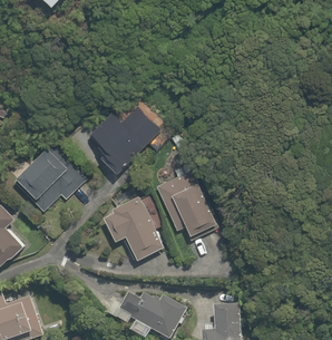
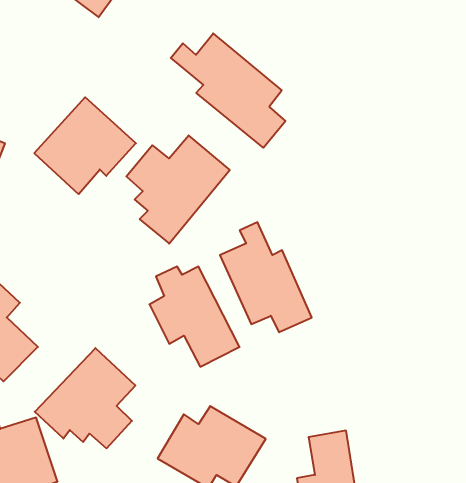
building: none -> [171,33,285,148]
building: [12,143,81,208] -> [34,97,136,194]
building: none -> [35,348,135,448]

